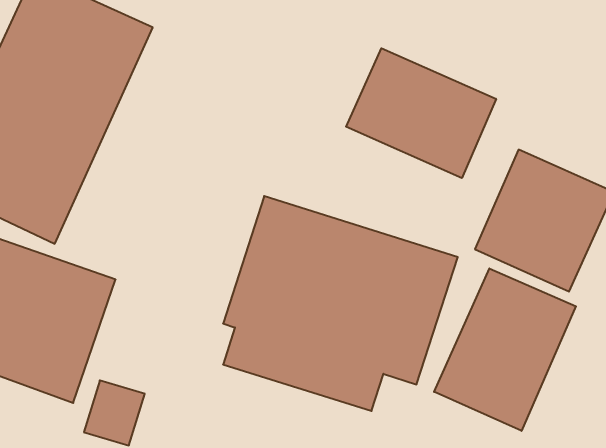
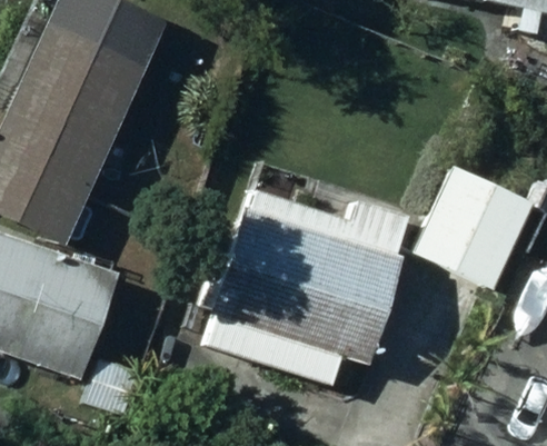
building: [346,48,496,178] -> none
building: [434,268,576,431] -> none

